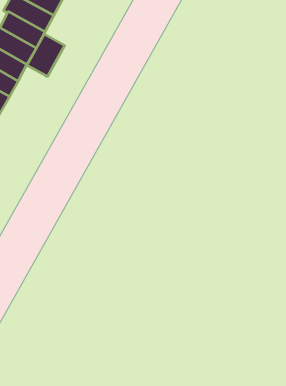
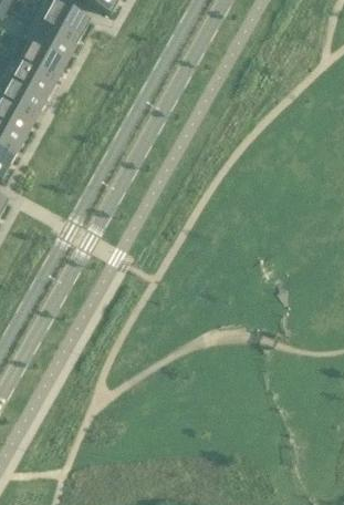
building: [27,34,65,76] -> none

